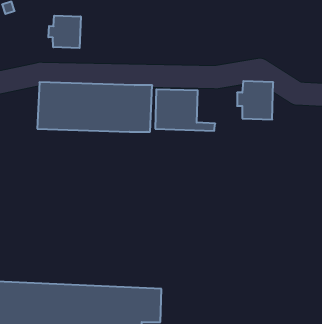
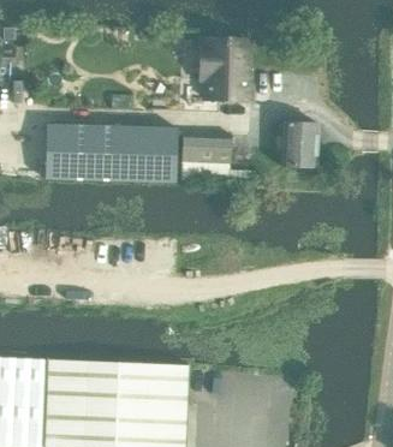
building: none -> [201,38,249,100]
building: [48,16,81,48] -> none

